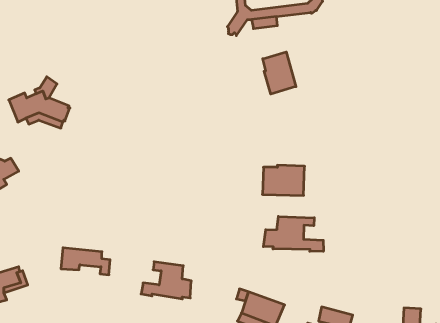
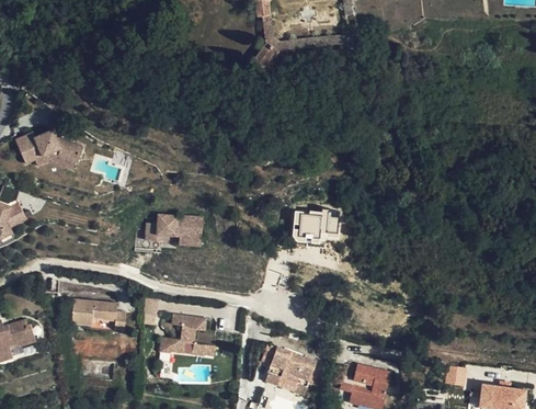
building: [263,52,296,94] -> none
building: none -> [144,213,203,248]
building: [263,216,323,251] -> none

